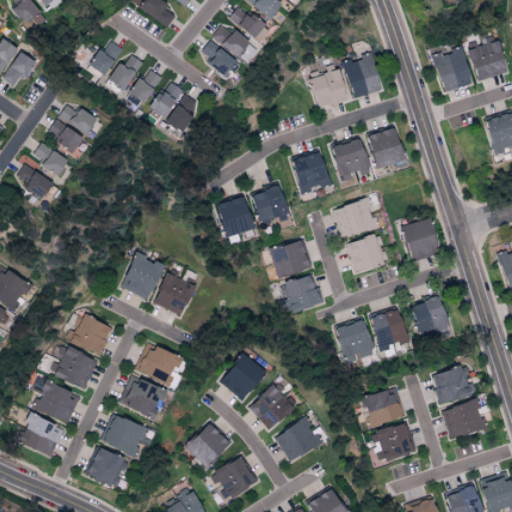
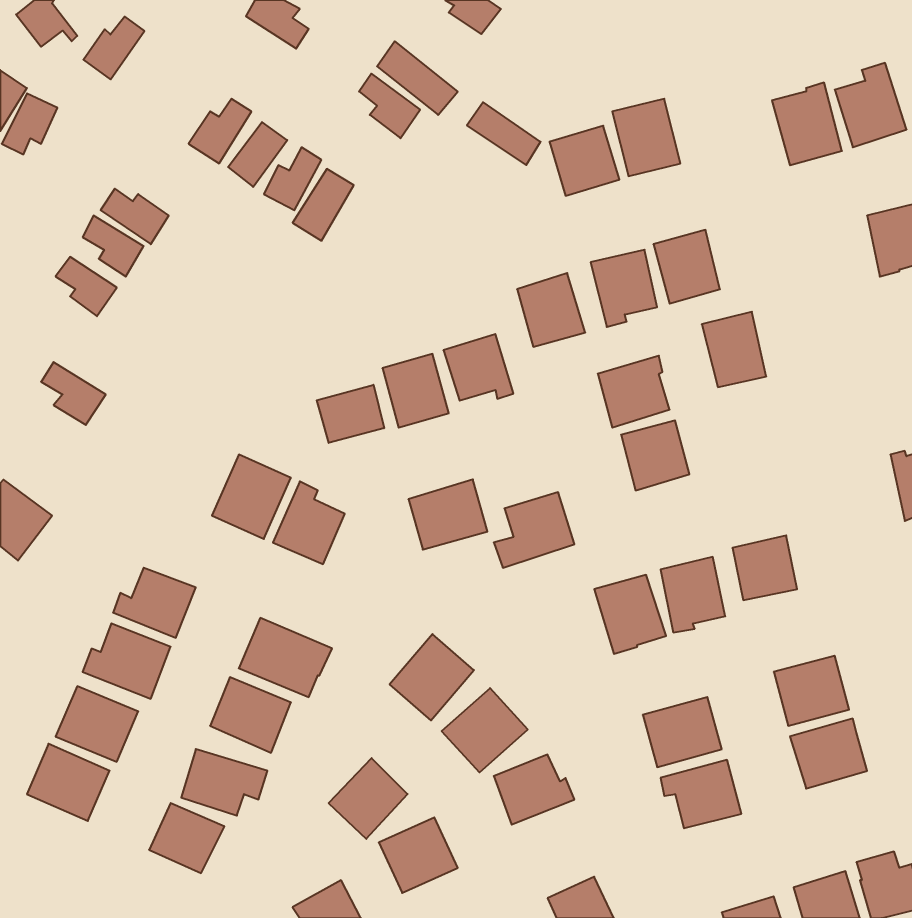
building: [229,7,270,42] -> [467,102,541,165]
building: [89,41,123,76] -> [83,17,144,79]
building: [17,165,53,200] -> [41,362,106,425]
building: none -> [317,385,384,443]
building: [402,219,438,261] -> [702,312,766,387]
building: [269,240,313,279] -> [408,479,487,550]

